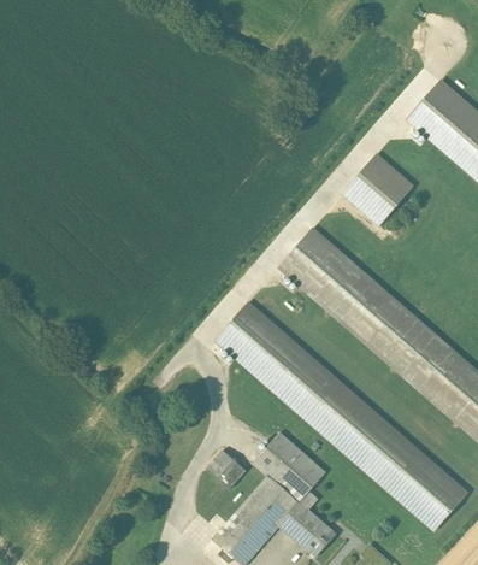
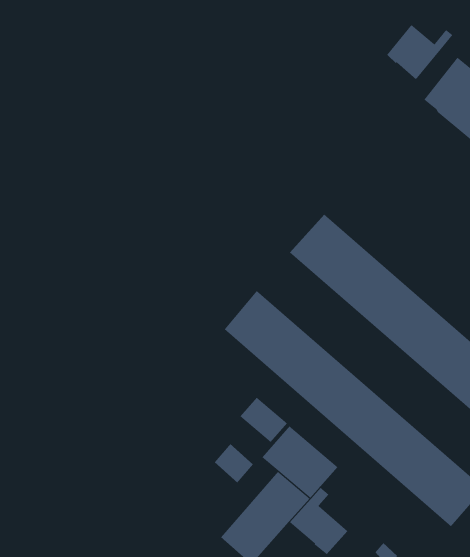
building: none -> [386,24,453,80]
building: [344,152,419,226] -> none
building: none -> [239,397,288,443]

